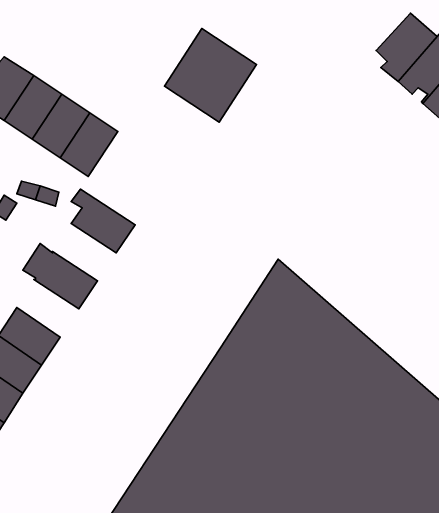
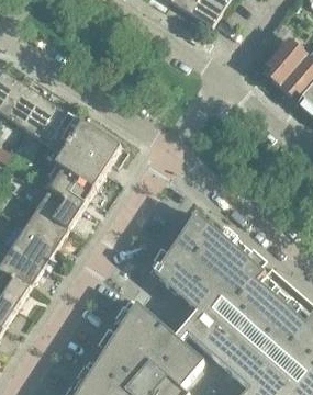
building: [165,29,256,122] -> [57,122,122,188]
building: none -> [37,187,82,227]
building: none -> [12,226,56,267]

